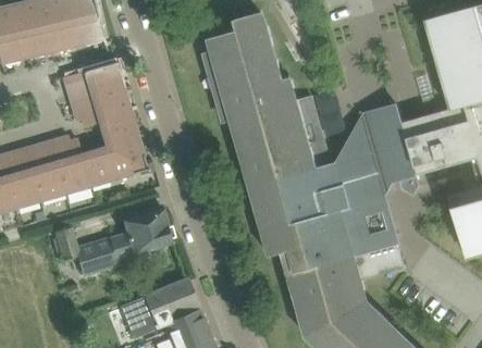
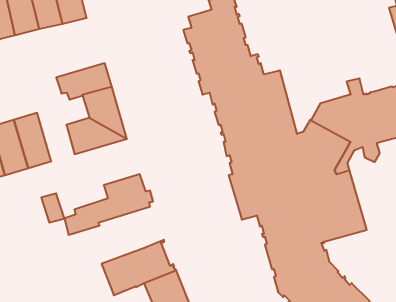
building: [63,61,122,102] -> none
building: [49,135,89,192] -> none

